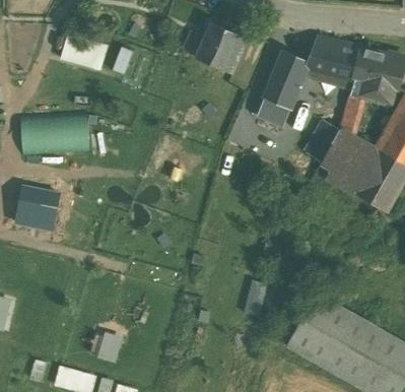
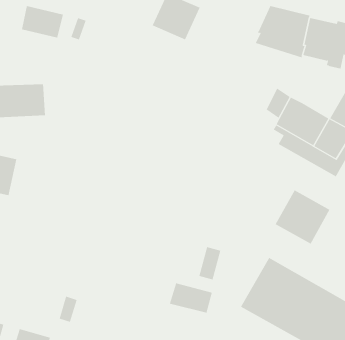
building: [254,50,308,135] -> none
building: [339,86,378,135] -> none
building: none -> [275,190,330,244]
building: none -> [169,282,213,313]

